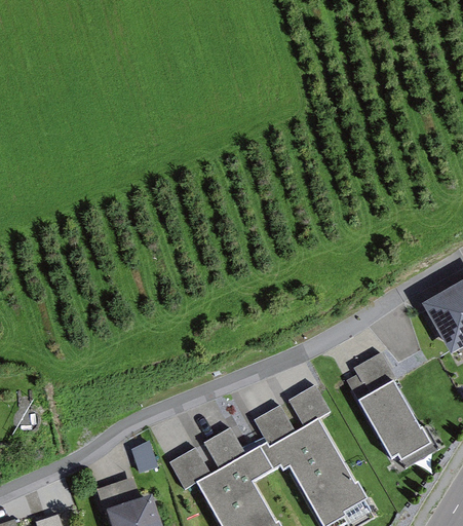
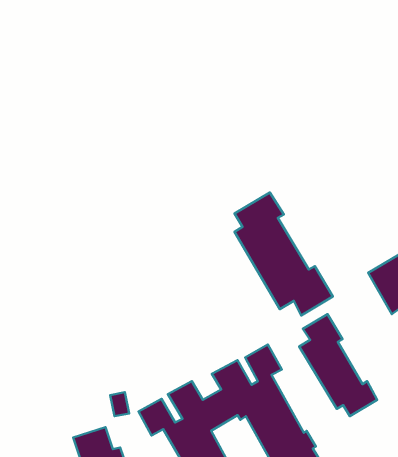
building: none -> [235,193,333,315]

